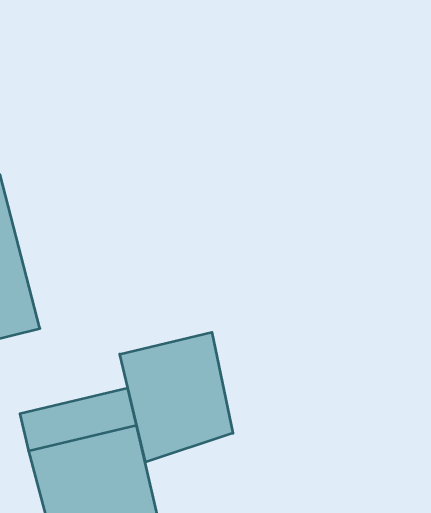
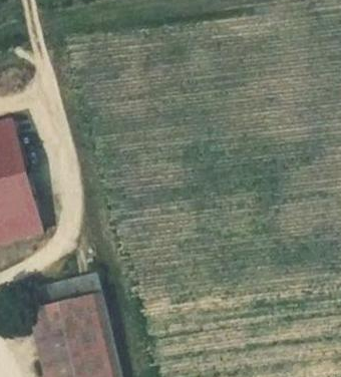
building: [120,332,233,462] -> none

